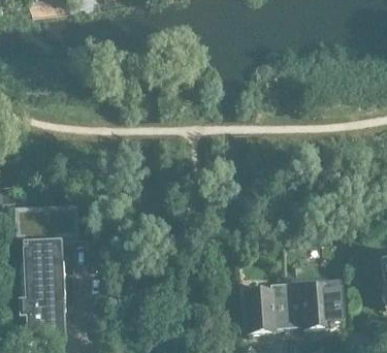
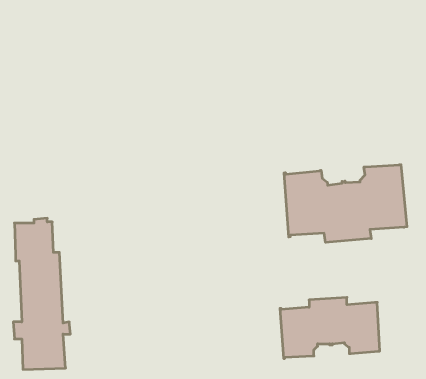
building: none -> [284,165,407,242]

